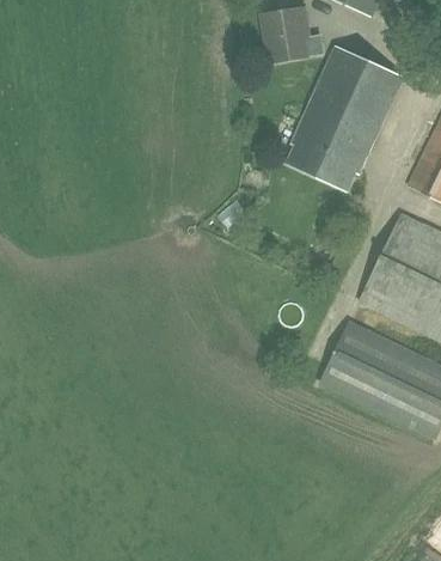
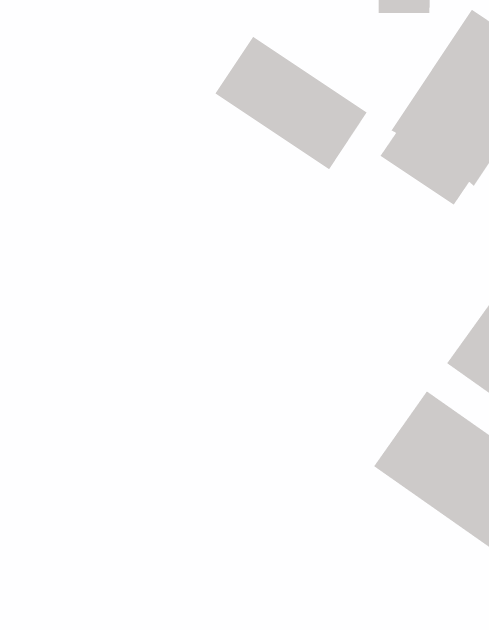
building: none -> [215,36,368,170]

